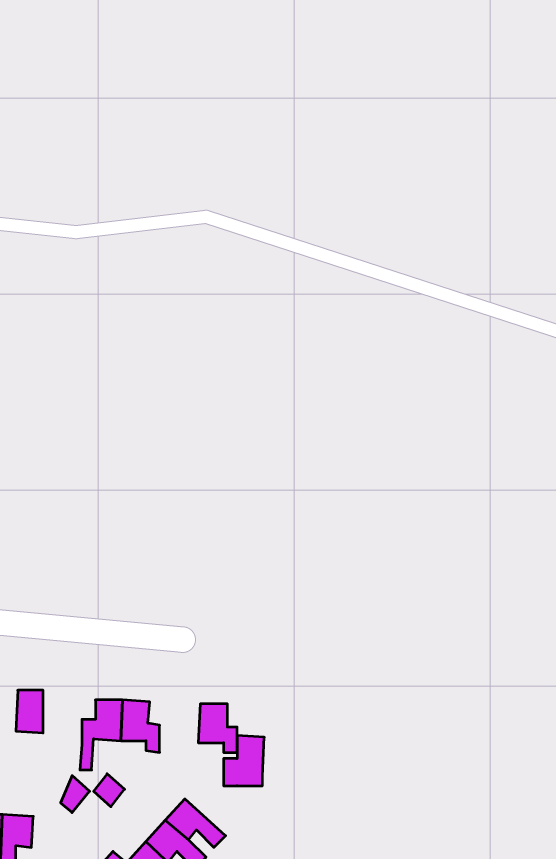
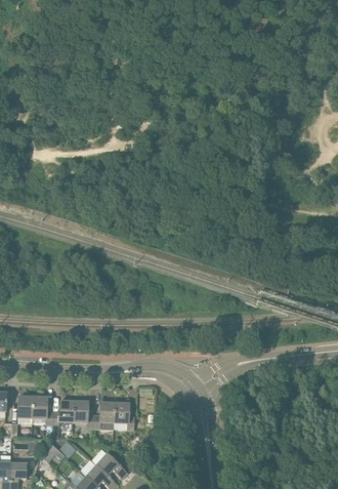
building: none -> [33,395,53,423]
building: [224,735,264,786] -> [94,401,116,427]

